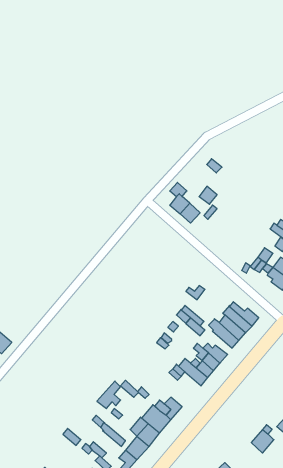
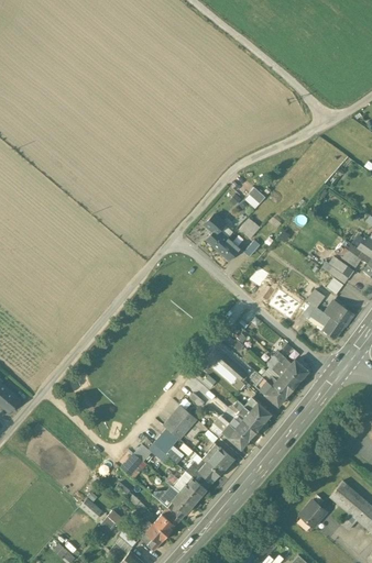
building: none -> [164,406,197,439]
building: none -> [204,444,233,474]

